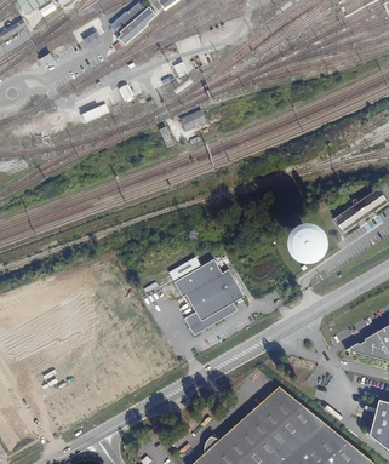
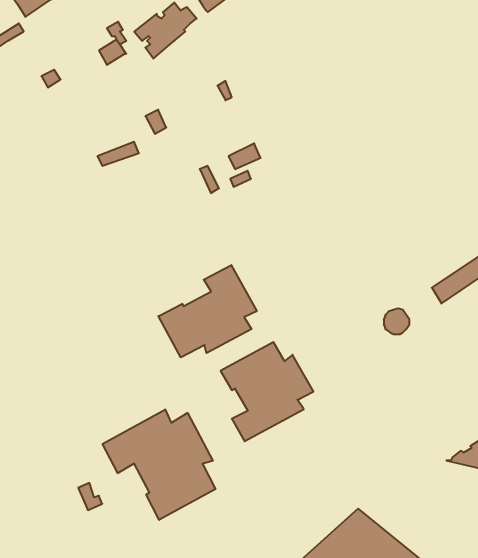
building: none -> [158,265,257,357]
building: none -> [103,409,215,520]

